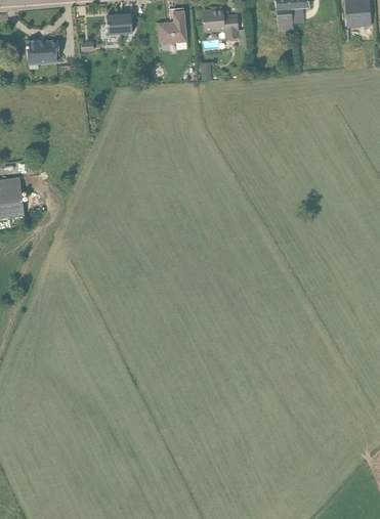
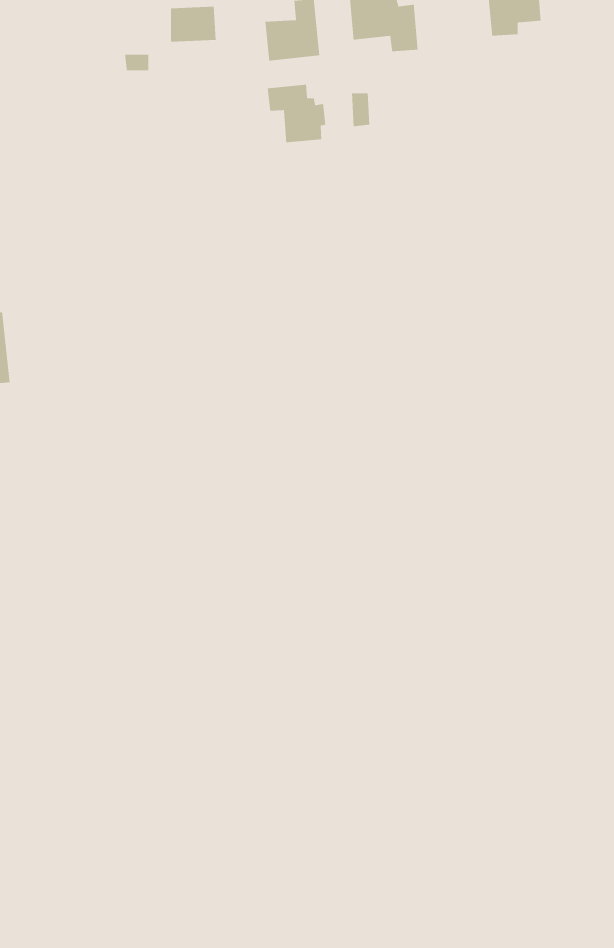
building: [27,38,61,64] -> none
building: none -> [267,84,326,143]

